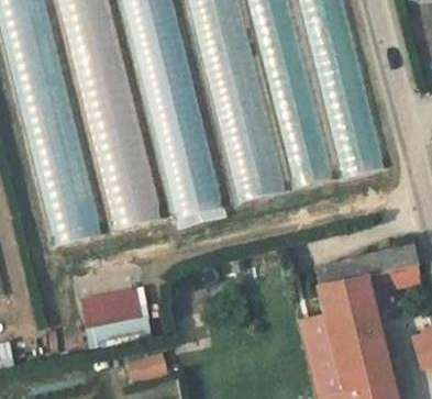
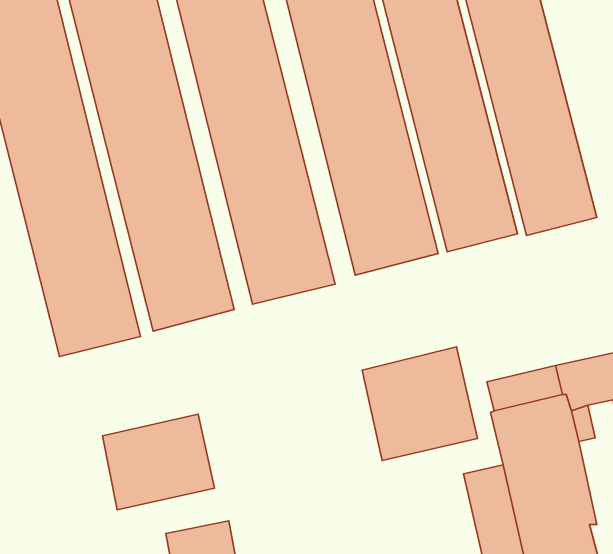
building: none -> [362,347,477,461]

